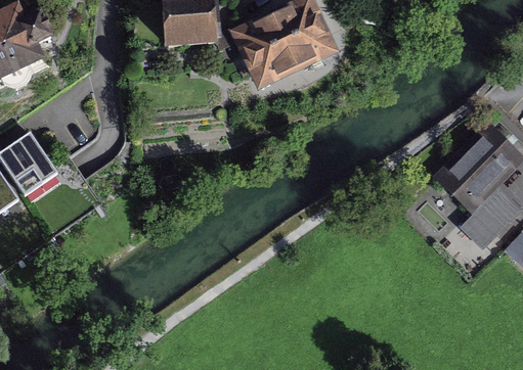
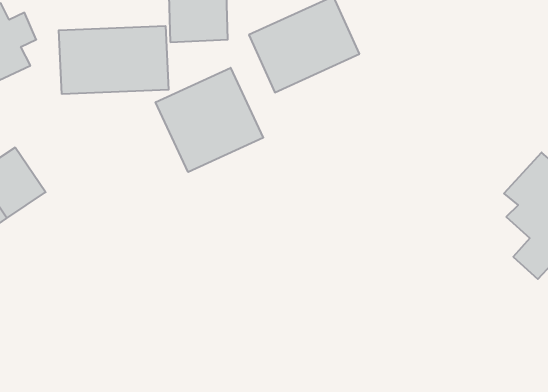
building: none -> [59,26,169,94]
building: none -> [156,68,263,172]

